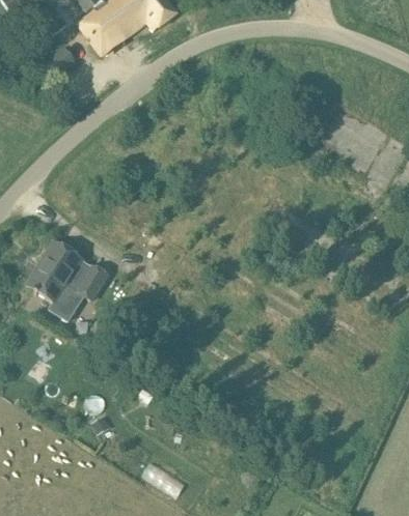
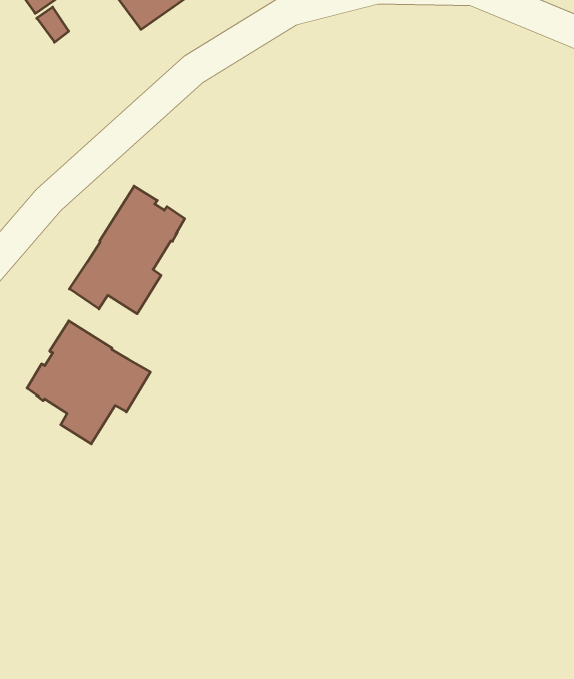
building: none -> [69,186,185,314]

